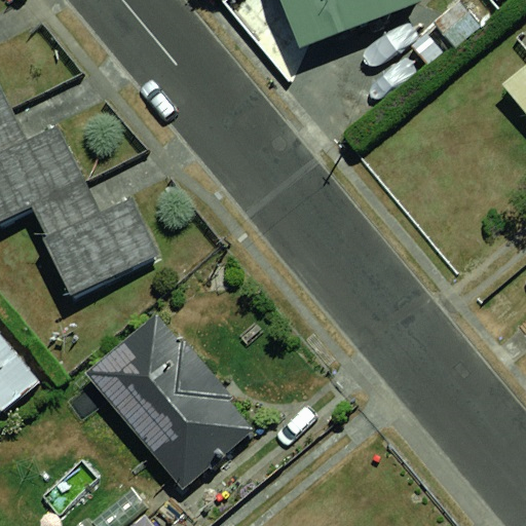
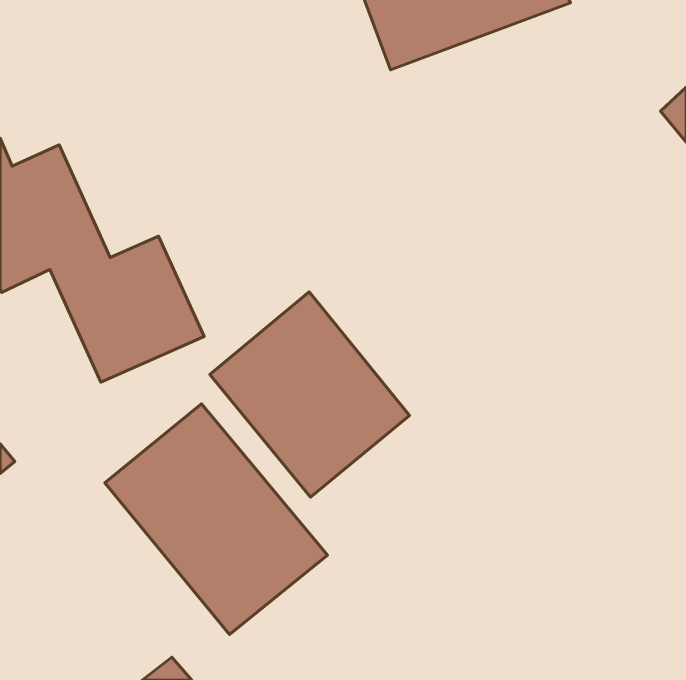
building: none -> [210,292,410,497]

